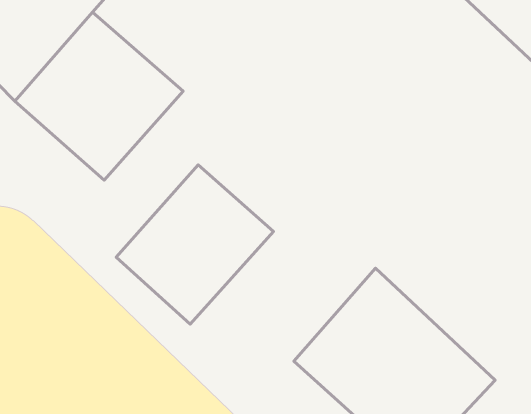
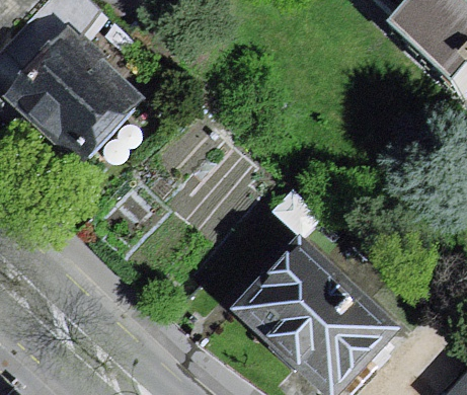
building: [116,165,273,324] -> none

